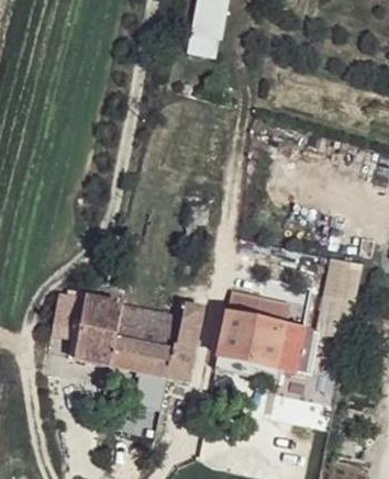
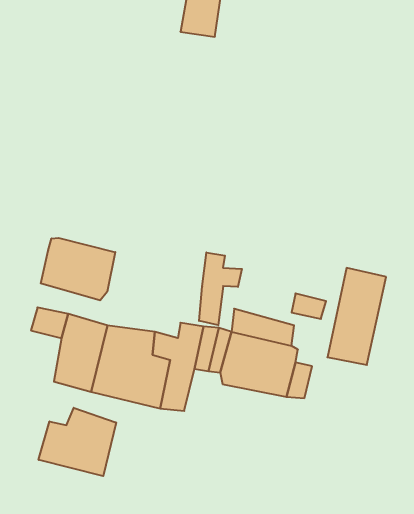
building: none -> [41,238,115,300]
building: none -> [199,252,242,325]
building: none -> [39,408,116,476]

